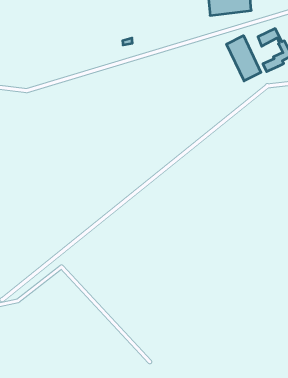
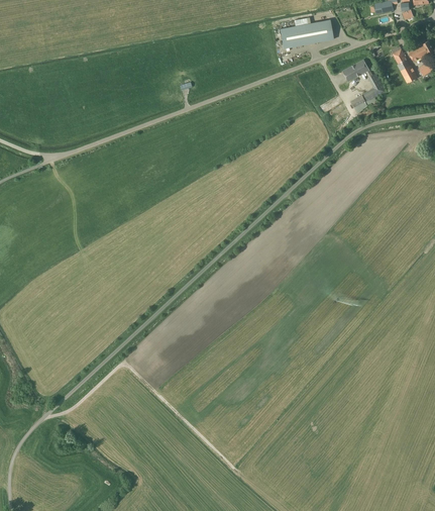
building: [227,36,261,81] -> none

